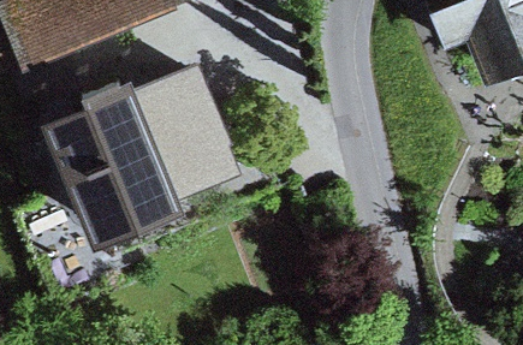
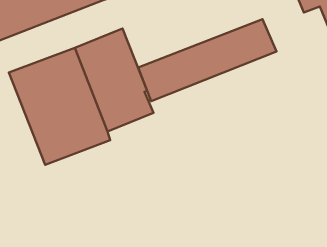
building: none -> [138,19,276,101]

